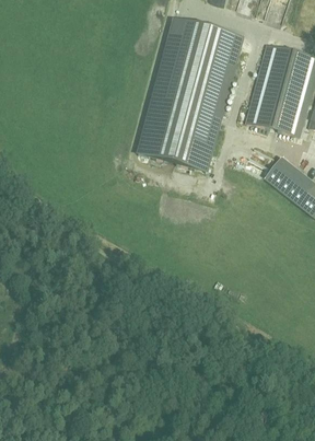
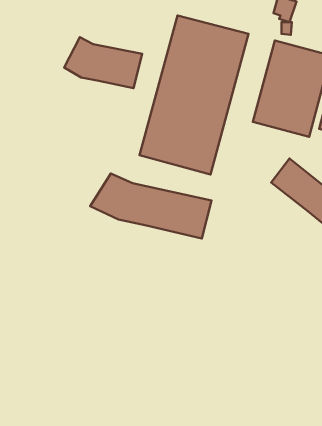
building: none -> [64,37,142,88]
building: none -> [90,173,211,239]

